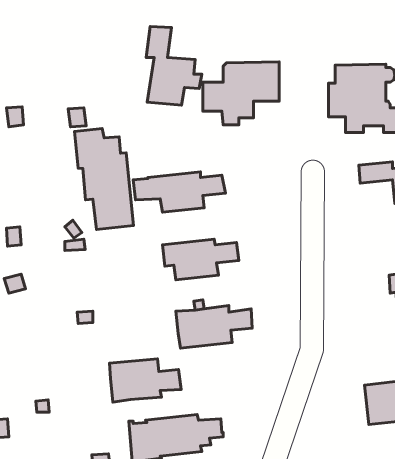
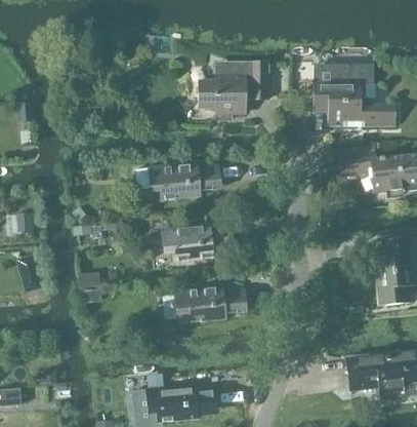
building: [146,26,202,105] -> none
building: [74,128,134,230] -> none
building: [110,359,181,402] -> none

